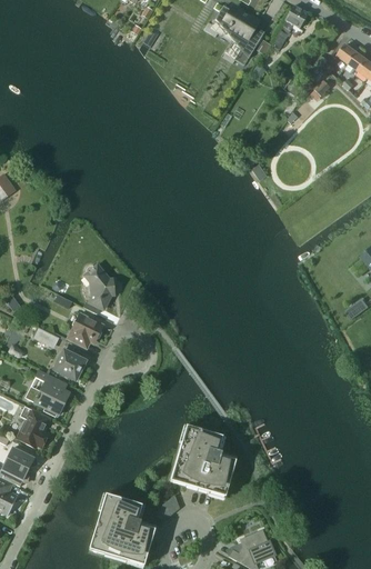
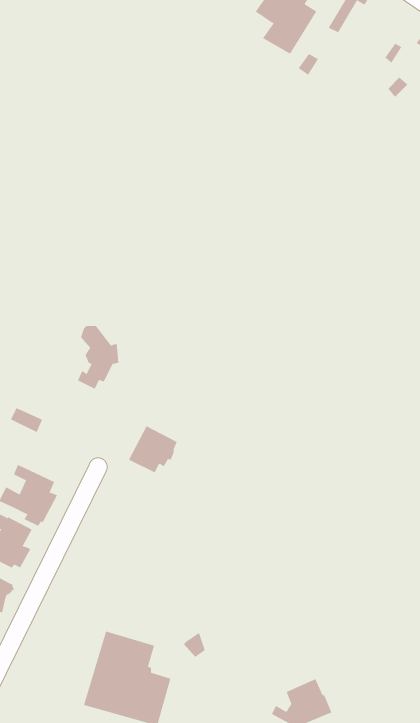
building: [68,313,104,349] -> [128,425,177,473]
building: [54,348,87,381] -> none
building: [170,427,235,498] -> none

